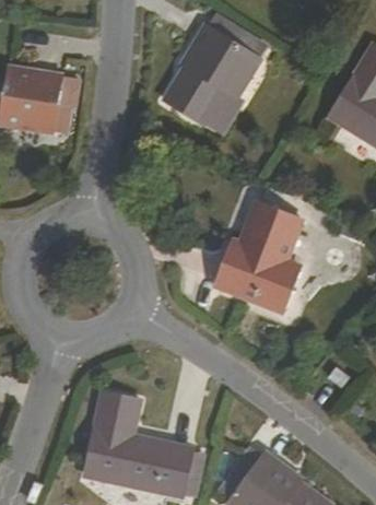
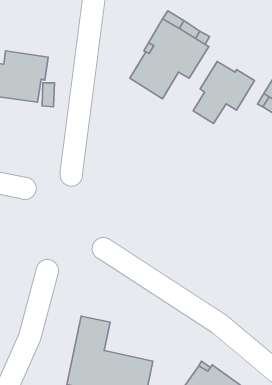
building: none -> [193,61,255,124]
building: [213,203,302,313] -> none

